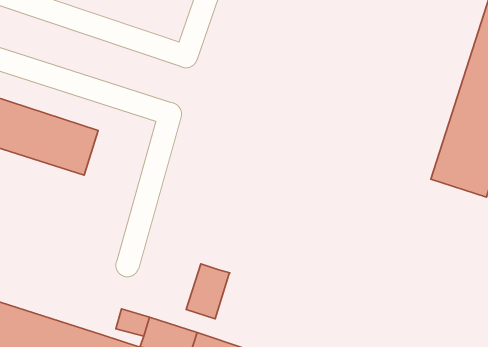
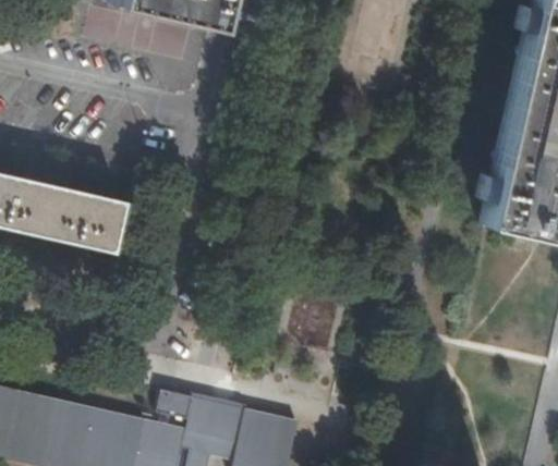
building: [186,264,230,319] -> none

